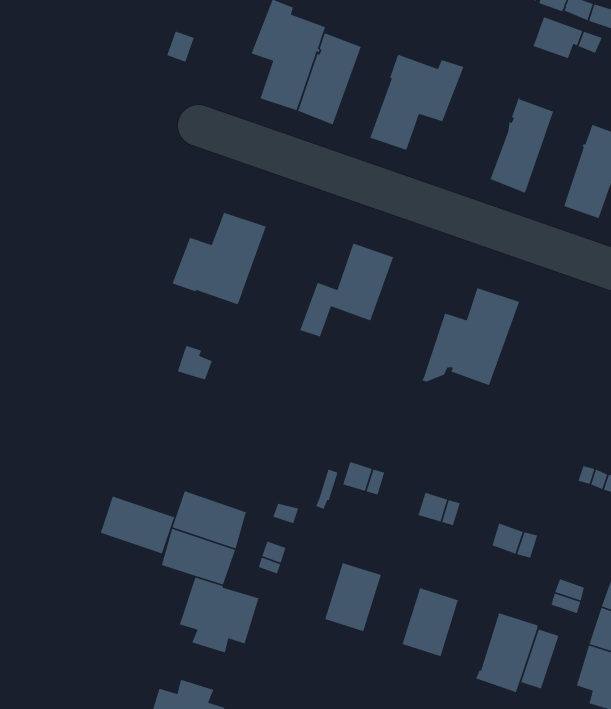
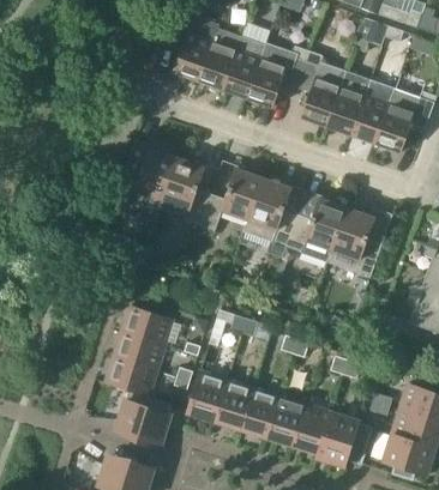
building: none -> [223,23,270,98]
building: none -> [296,50,347,126]
building: none -> [351,80,396,144]
building: none -> [161,157,212,226]
building: none -> [245,177,297,258]
building: none -> [327,207,383,277]
building: [100,495,175,555] -> [124,308,174,347]
building: none -> [190,373,229,419]
building: none -> [243,389,281,436]
building: none -> [295,406,333,453]

